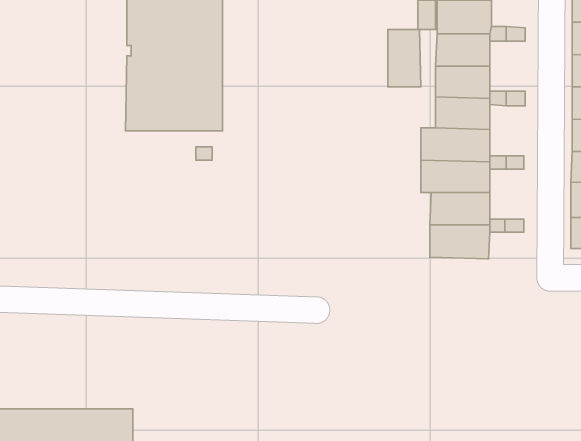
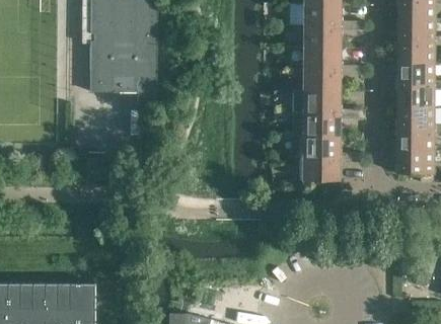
building: [388,29,421,87] -> none

